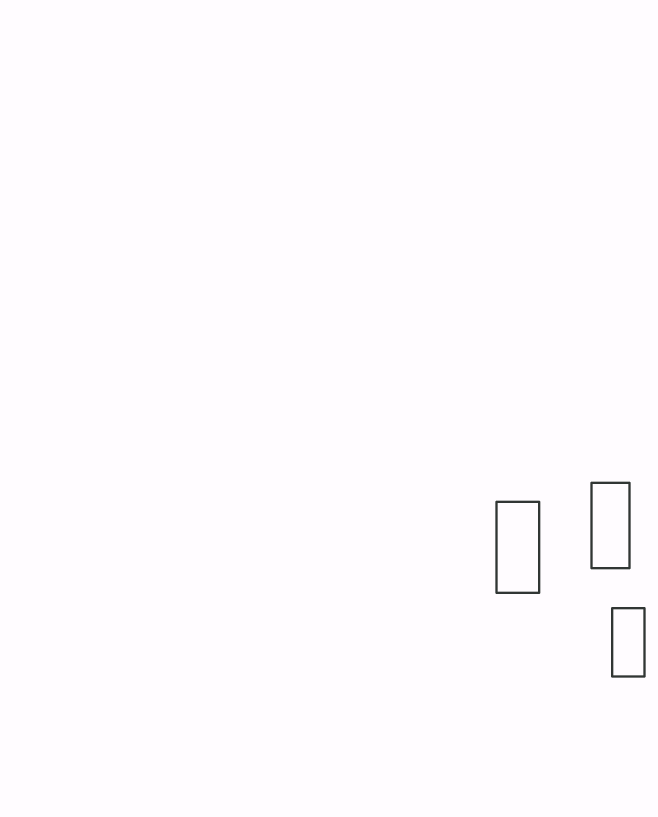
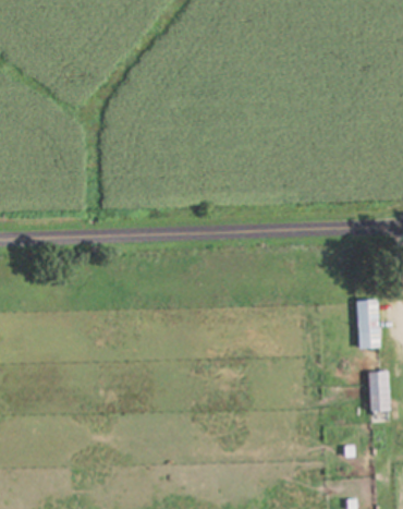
building: [496,502,539,593] -> none

